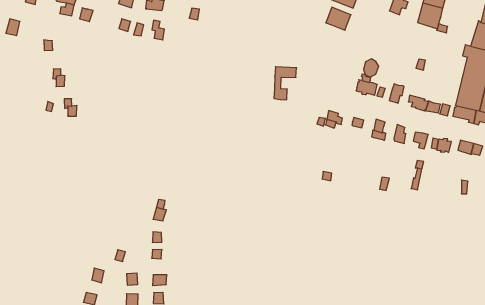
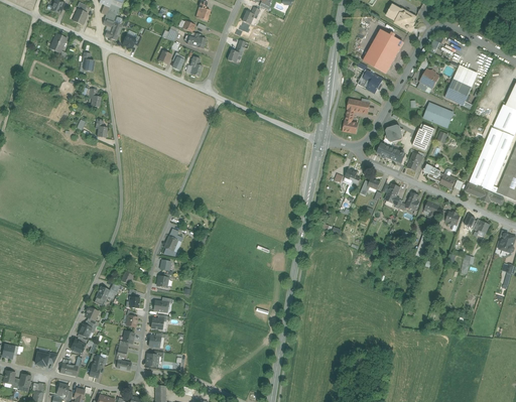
building: none -> [423,103,454,127]
building: none -> [412,124,435,151]
building: [274,67,297,100] -> [344,100,370,133]

